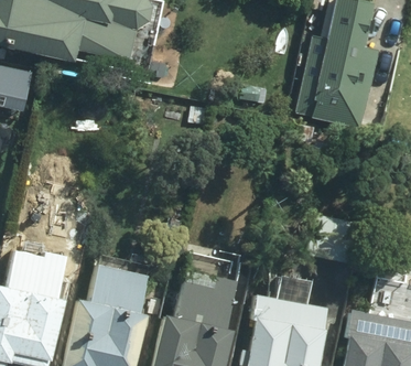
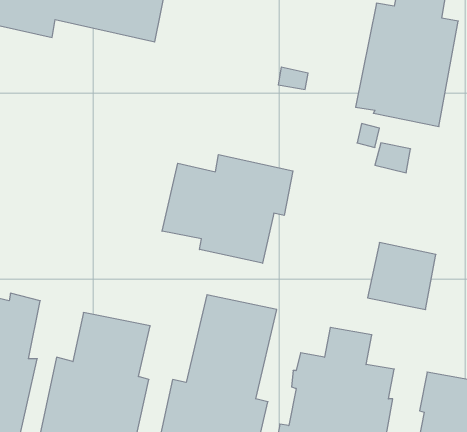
building: none -> [162,155,293,263]

